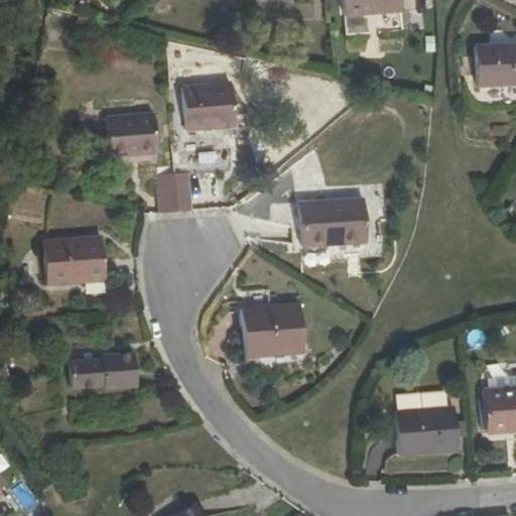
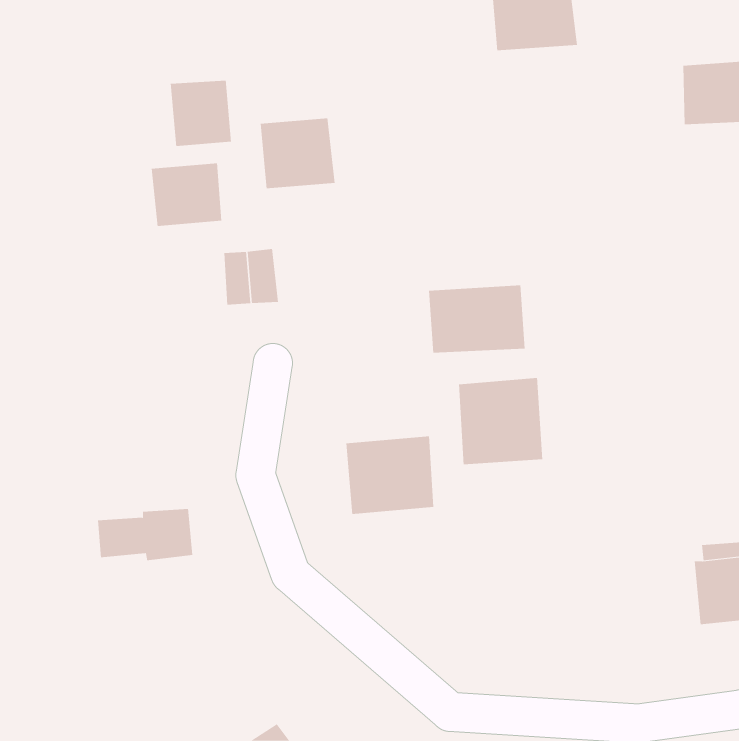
building: none -> [170,80,232,147]
building: [42,235,104,284] -> none
building: none -> [458,377,543,465]
building: [396,407,458,454] -> none

